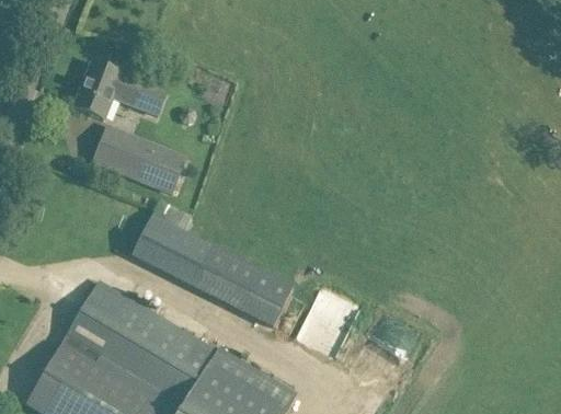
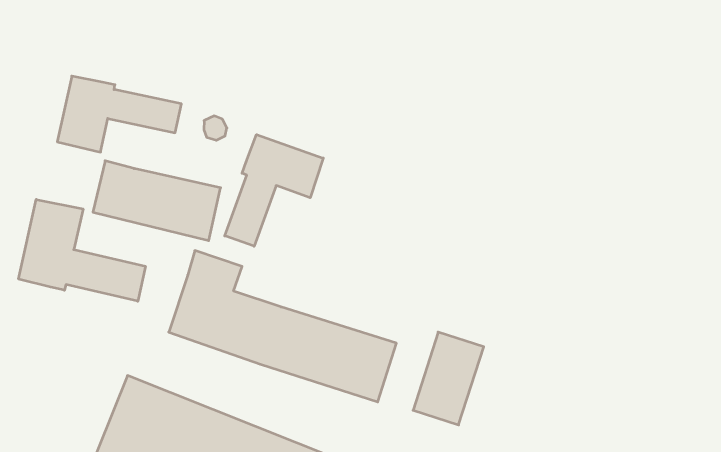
building: none -> [225,135,323,246]
building: none -> [19,199,145,301]

